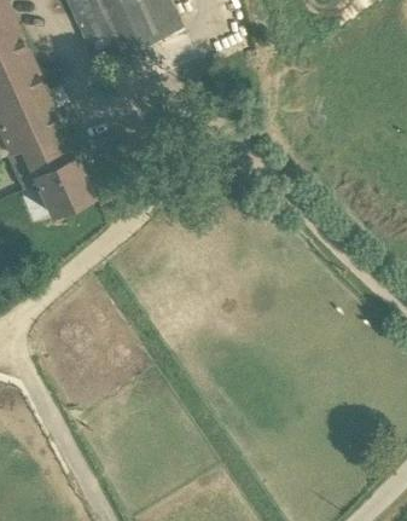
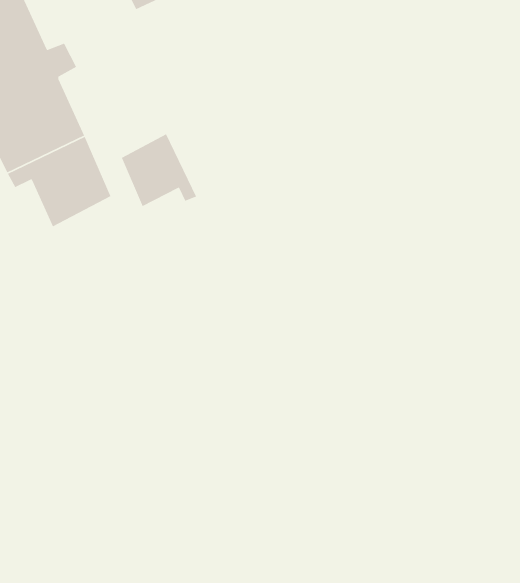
building: none -> [121,133,197,207]

